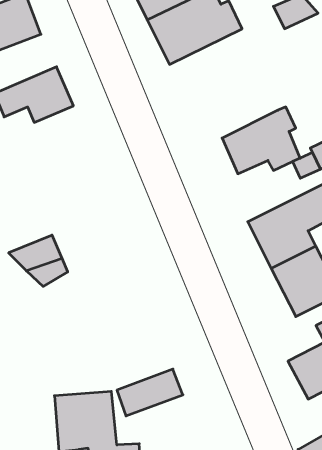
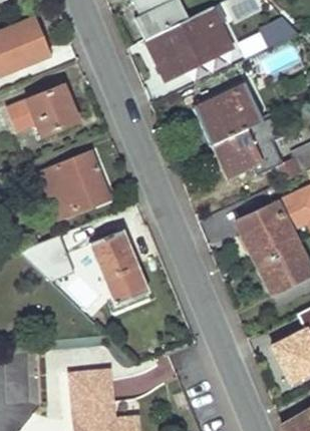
building: none -> [196,86,263,146]
building: none -> [43,152,106,217]
building: none -> [93,231,148,308]

